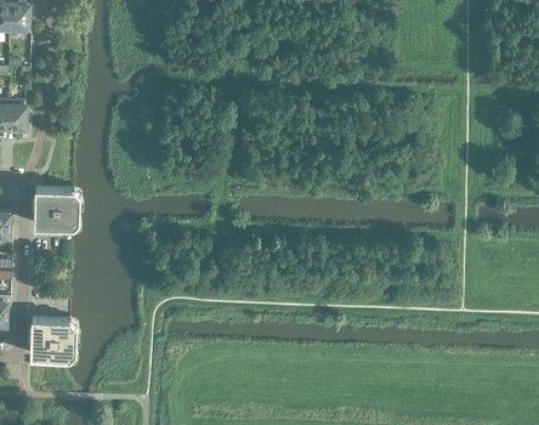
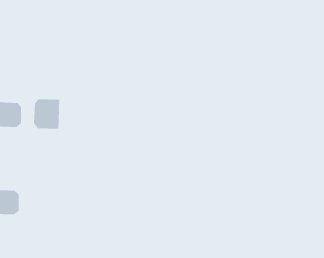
building: none -> [33,98,60,130]

